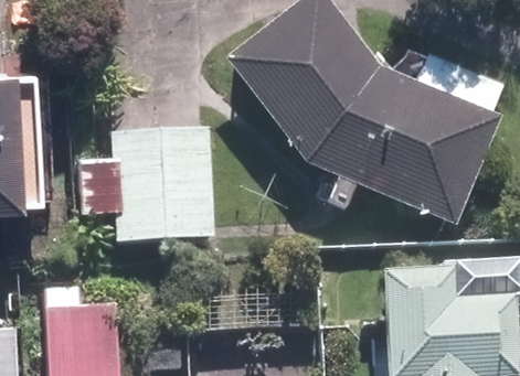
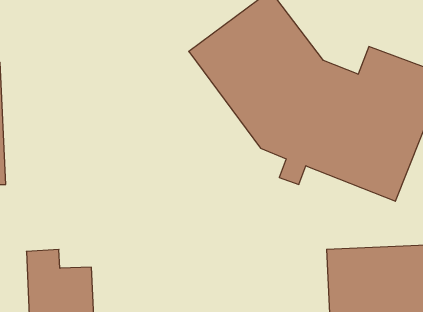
building: [82,123,216,238] -> none

